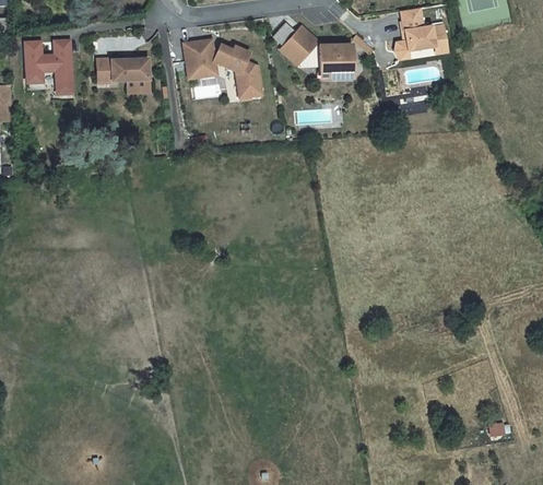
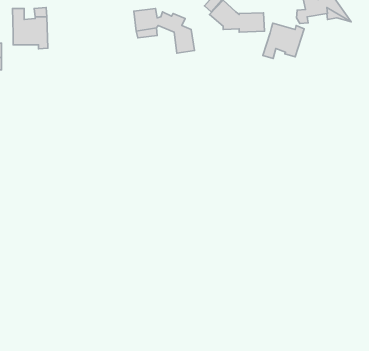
building: [96,58,147,81] -> none
building: none -> [263,23,304,59]

